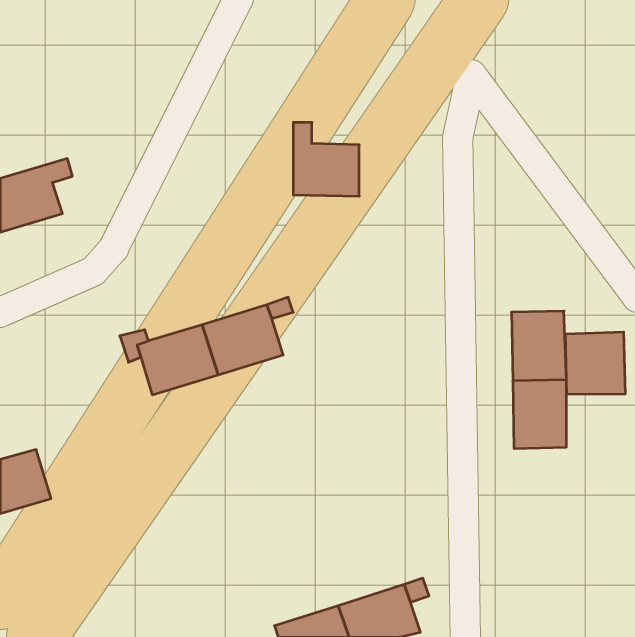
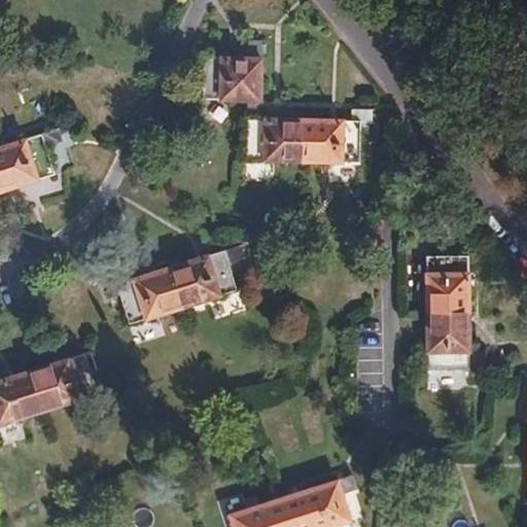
building: none -> [202,42,259,101]
building: none -> [298,111,370,163]
building: [565,332,625,394] -> none
building: none -> [32,355,95,411]

